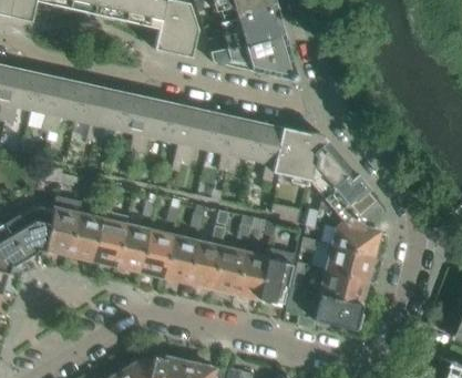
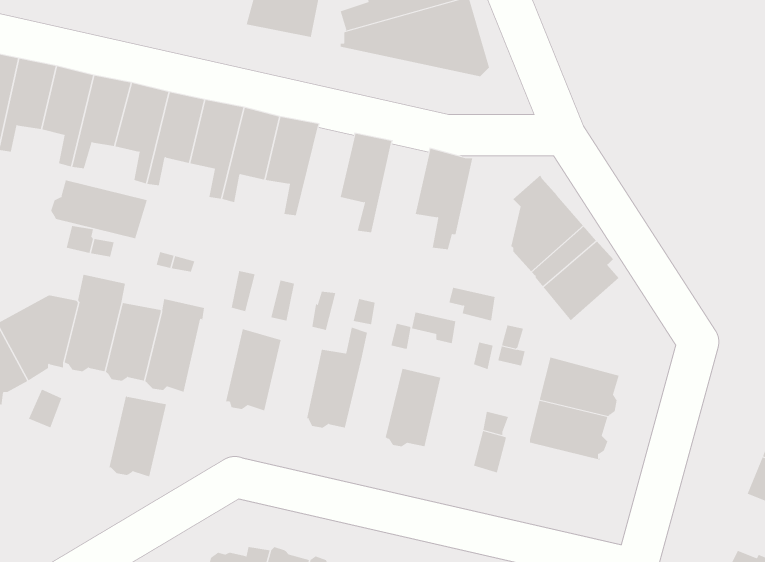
building: [182,106,216,163] -> none
building: [226,116,260,173] -> none
building: [276,126,326,184] -> none
building: none -> [50,179,147,239]
building: [331,197,382,255] -> none
building: [115,222,150,270] -> [109,395,167,477]
building: [163,234,196,280] -> none
building: [211,245,244,292] -> none
building: [257,256,291,304] -> none
building: [315,295,361,329] -> none

